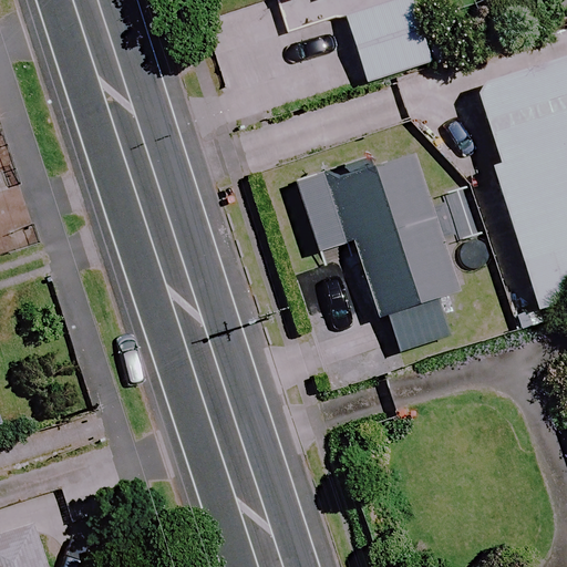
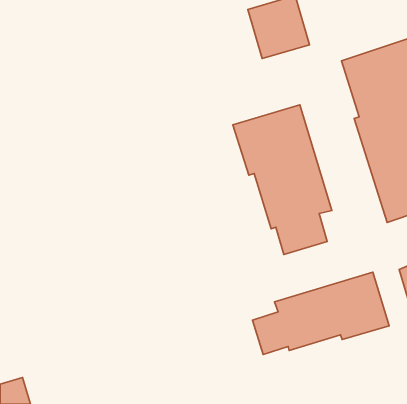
building: none -> [252,272,389,354]

